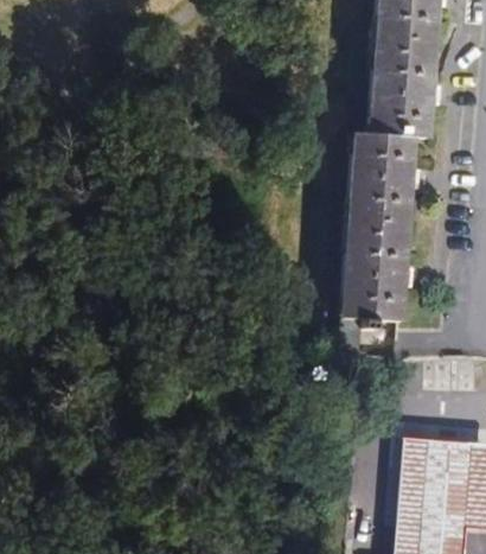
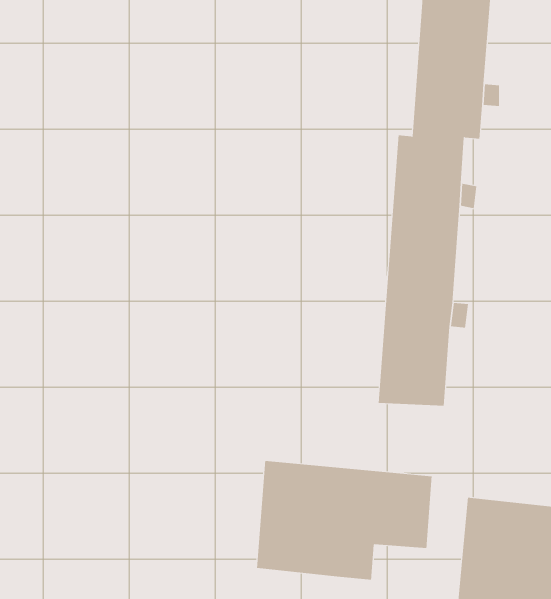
building: none -> [257,460,432,581]

